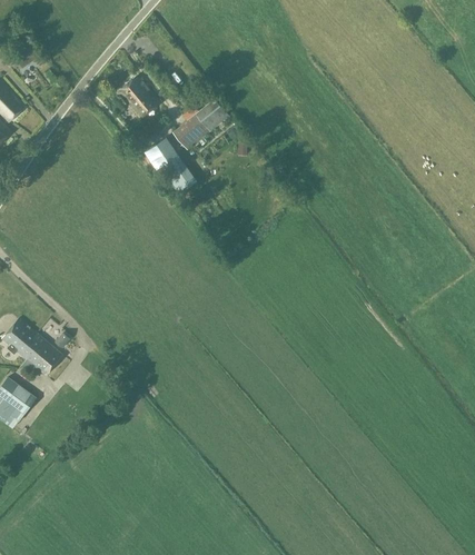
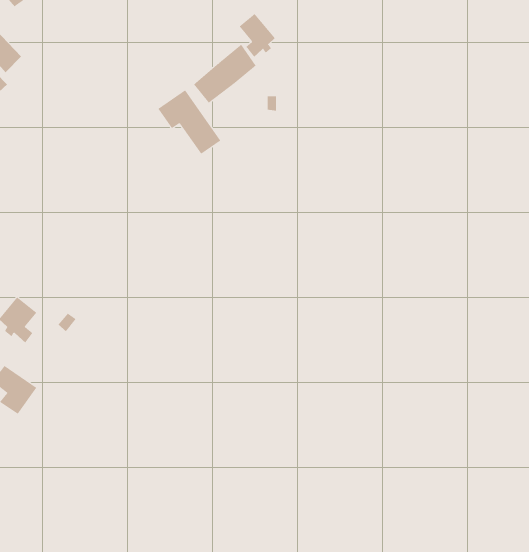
building: none -> [239,13,276,58]
building: [118,76,158,117] -> none
building: [24,331,61,374] -> none

